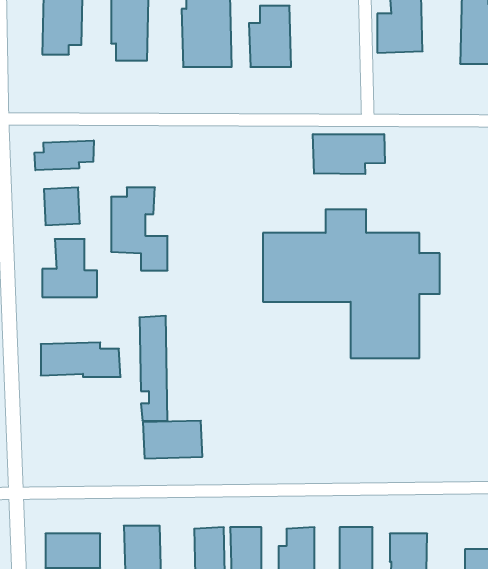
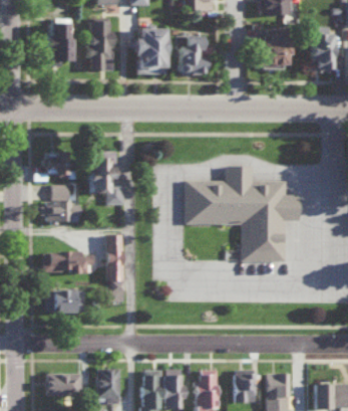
building: [313,134,385,174] -> none
building: [35,140,94,170] -> none
building: [143,421,202,458] -> [47,289,85,314]

